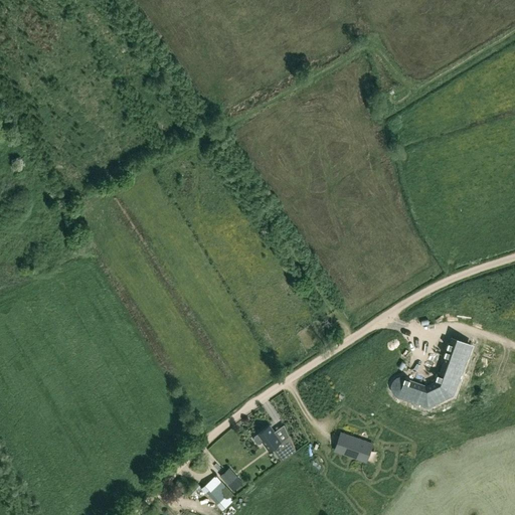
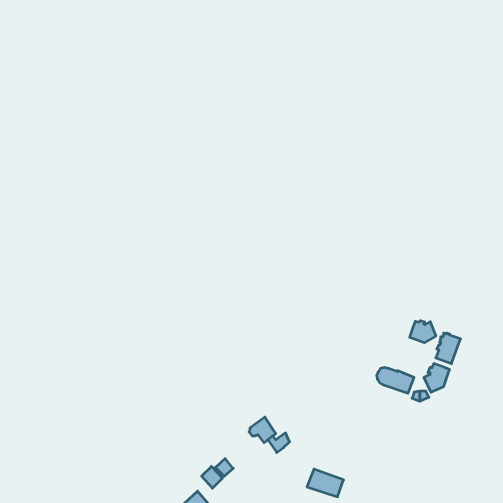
building: none -> [410,321,436,343]
building: [334,434,371,462] -> [307,469,344,497]

